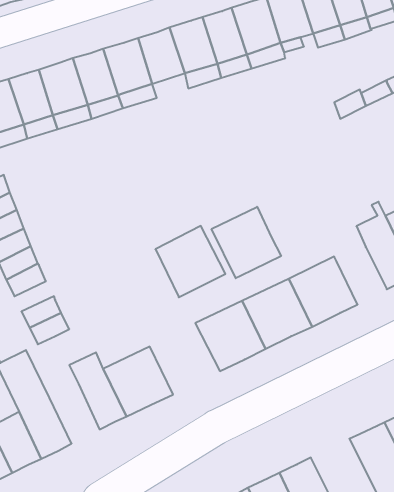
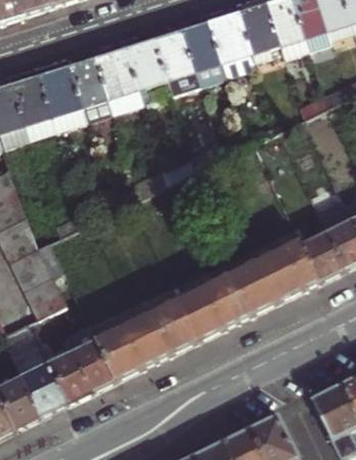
building: [212,207,281,278] -> none
building: [155,226,225,297] -> [135,297,197,360]
building: none -> [300,231,344,281]
building: none -> [16,241,64,287]
building: none -> [47,350,91,403]

